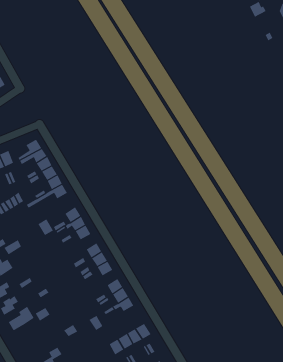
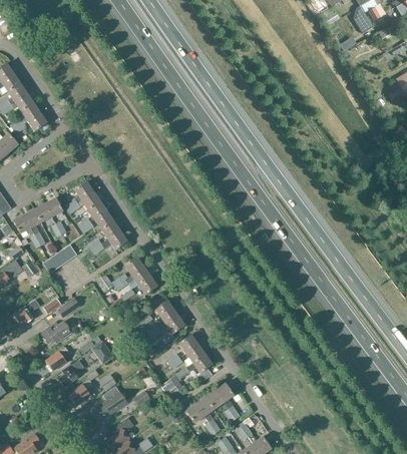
building: none -> [92,385,124,420]

